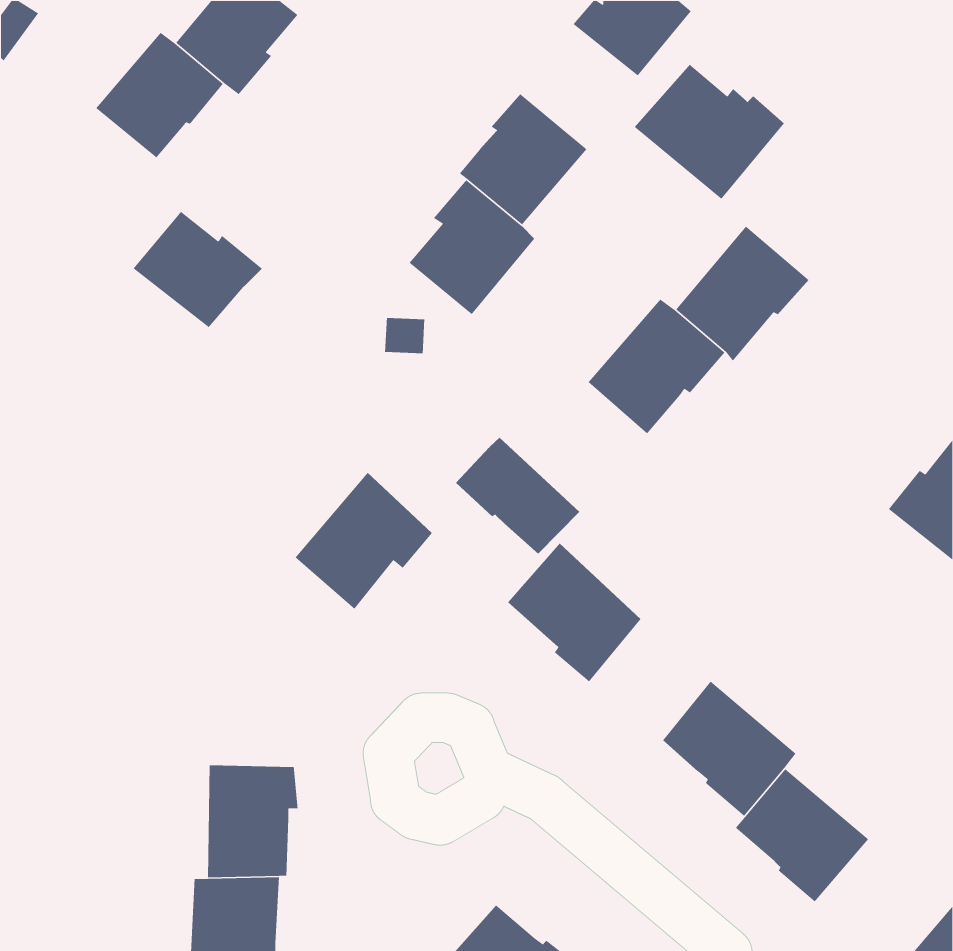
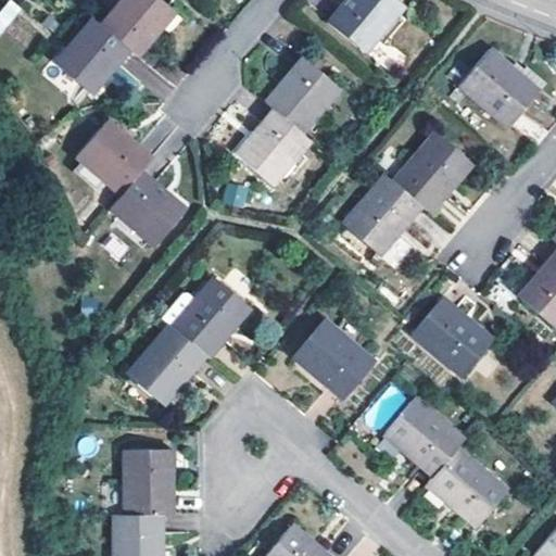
building: [634,64,785,200] -> [457,49,545,128]
building: none -> [110,168,187,247]
building: [455,437,580,555] -> none
building: none -> [412,298,490,377]
building: none -> [124,323,206,404]

